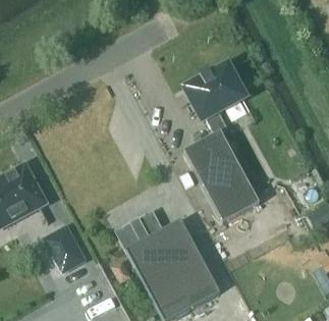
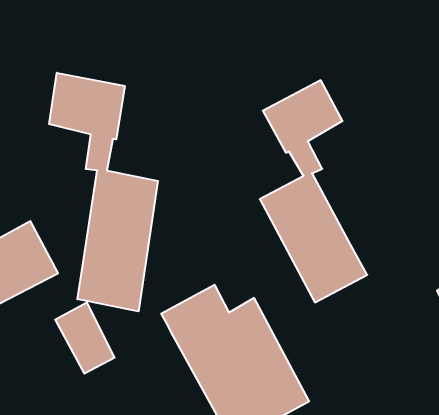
building: none -> [49,73,158,311]

